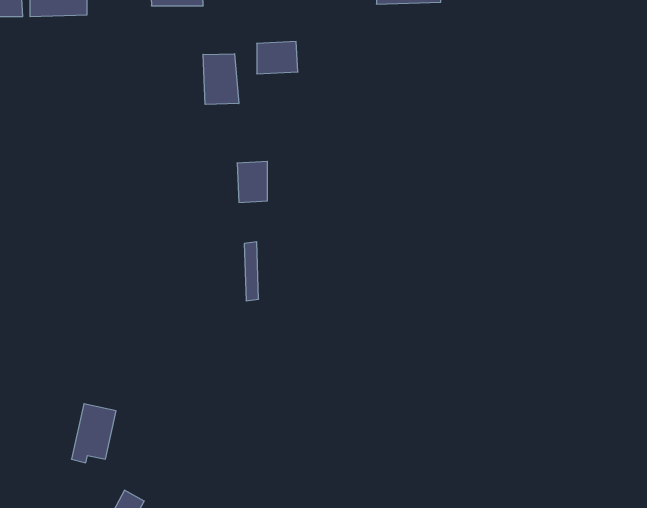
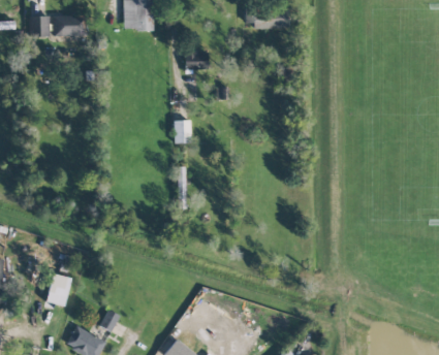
building: [203,54,239,104] -> none
building: [71,404,116,463] -> [46,273,72,308]

